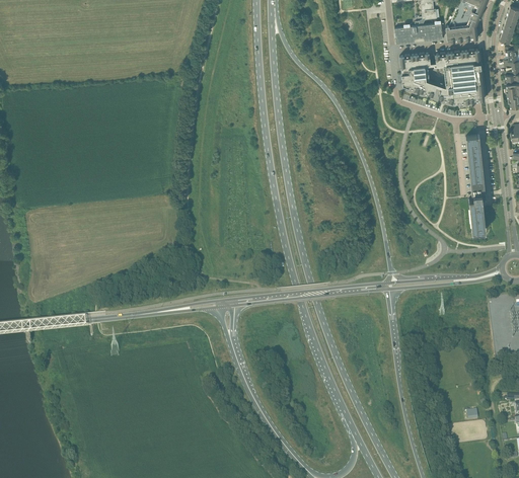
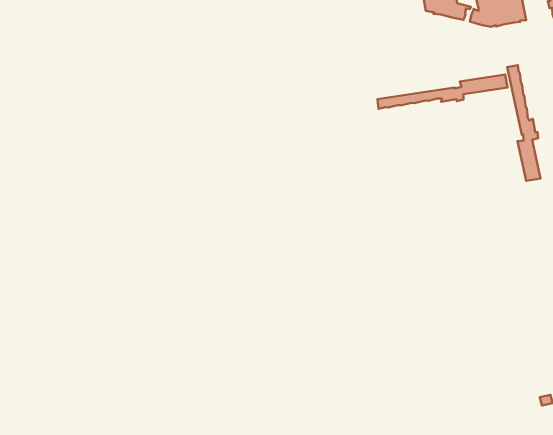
building: none -> [377,75,507,109]

